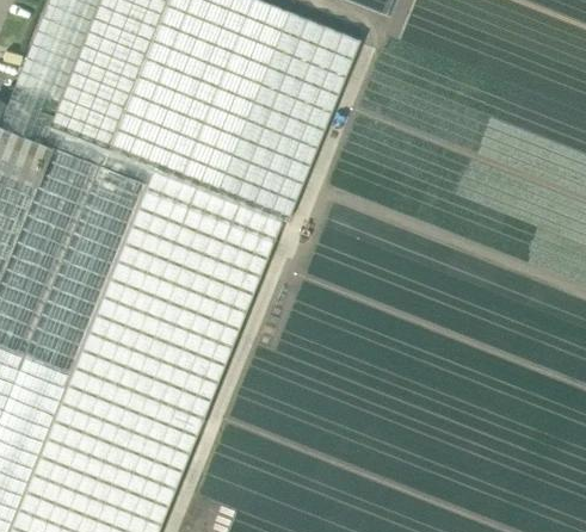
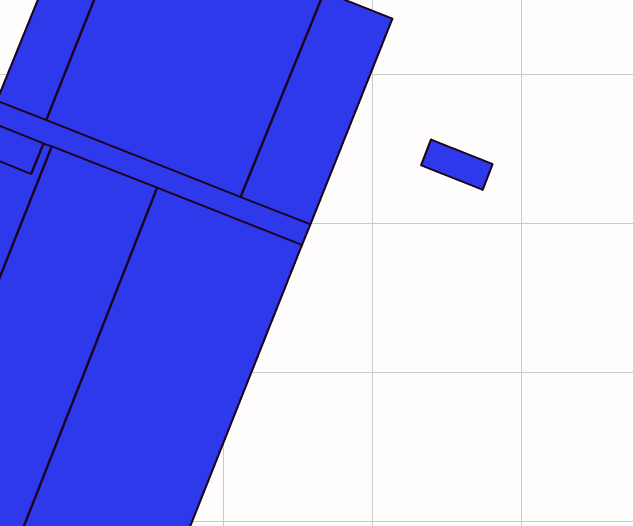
building: none -> [421,139,492,190]

